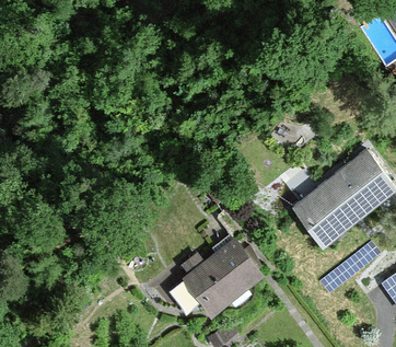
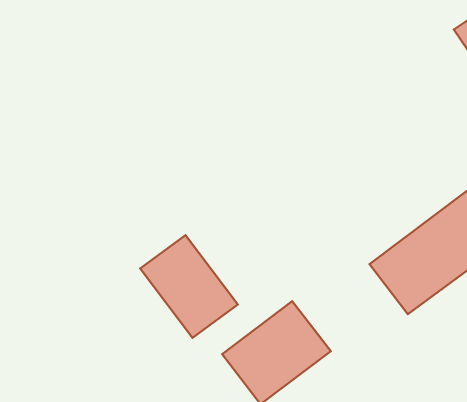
building: none -> [140,235,238,338]

